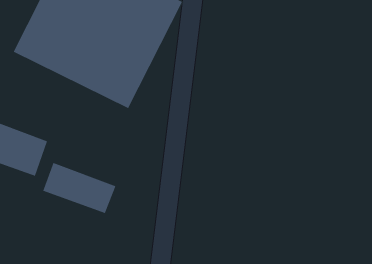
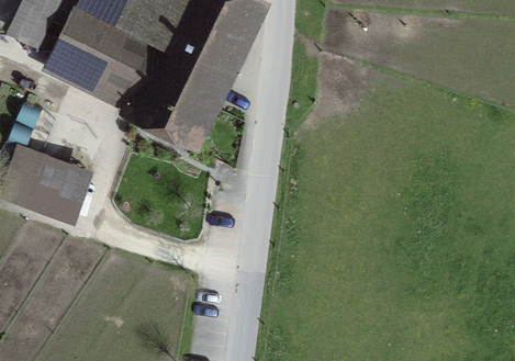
building: [42,162,116,214] -> none

